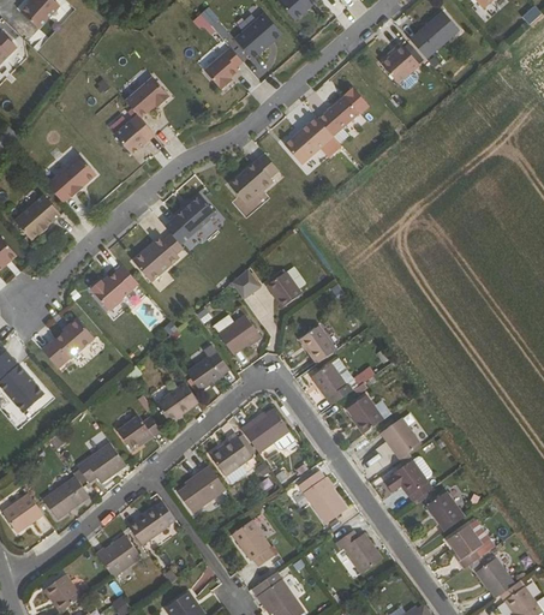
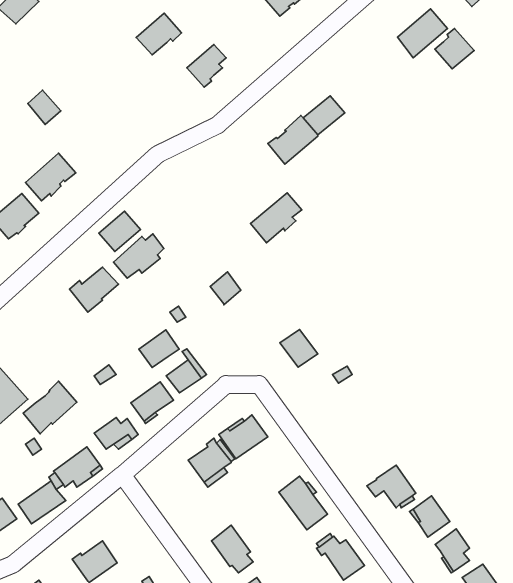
building: [239,14,285,59] -> none
building: [384,44,423,84] -> [435,28,474,69]
building: [127,76,172,117] -> [136,13,181,55]
building: [116,120,149,154] -> [28,90,61,124]
building: [231,154,281,203] -> [251,193,302,243]
building: [177,195,217,234] -> [99,211,141,251]
building: [265,273,300,309] -> none
building: [42,316,95,368] -> [23,381,77,434]
building: [219,318,258,356] -> [139,330,179,368]
building: [310,358,353,406] -> none
building: [346,395,383,434] -> none
building: [379,418,420,460] -> none
building: [177,466,223,512] -> none
building: [127,503,173,544] -> none

